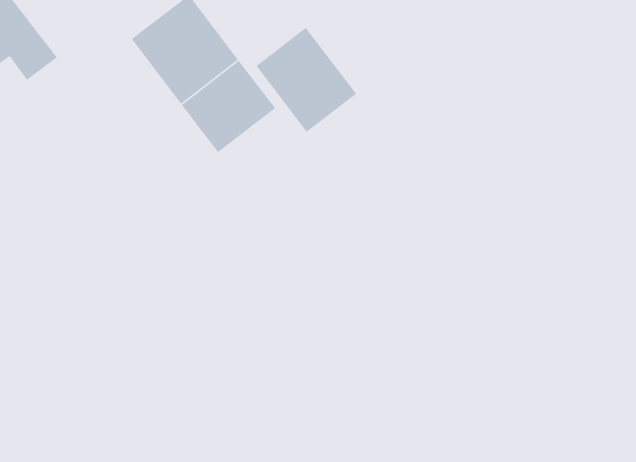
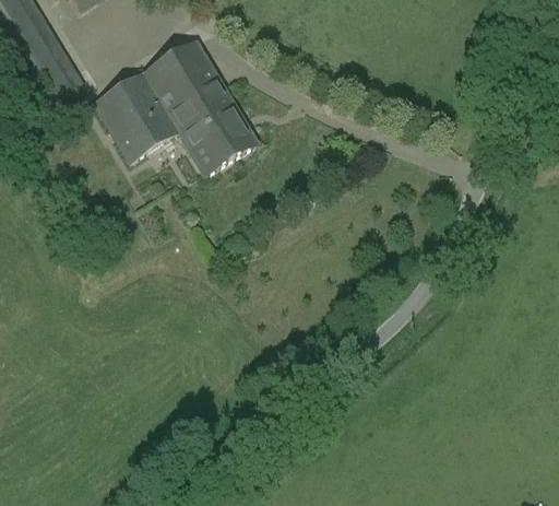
building: [256,27,357,133] -> none
building: none -> [94,72,178,160]

